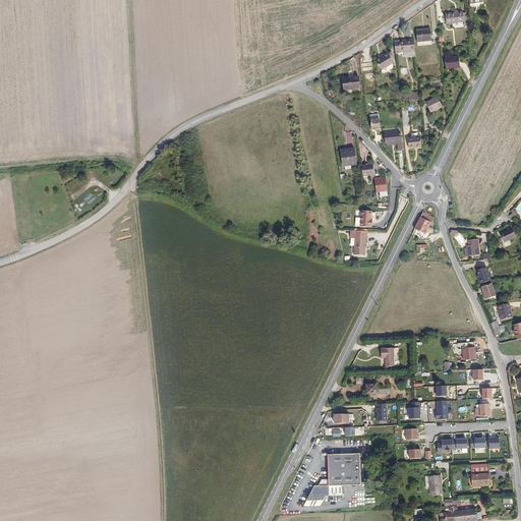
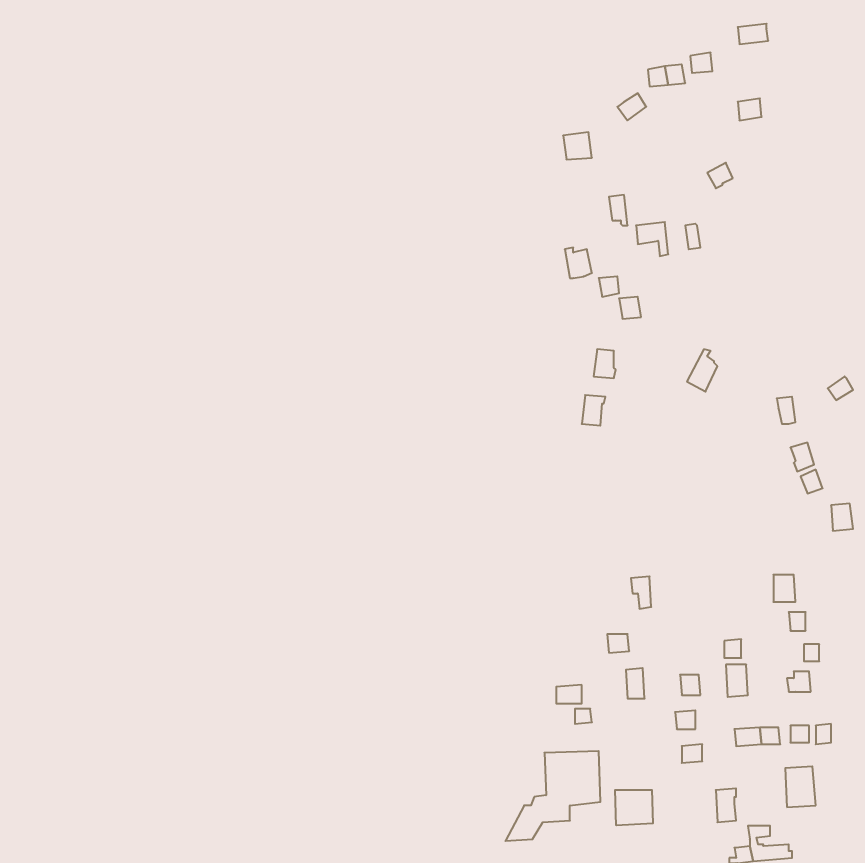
building: none -> [615,790,653,825]

